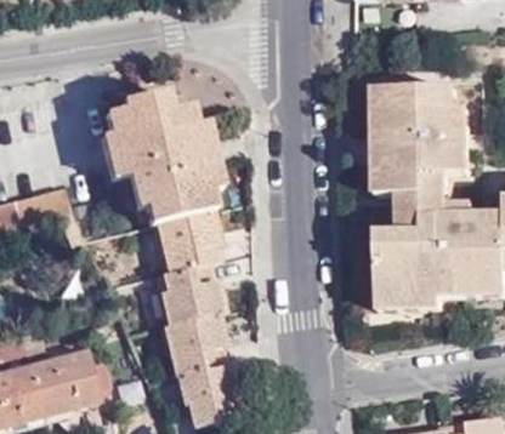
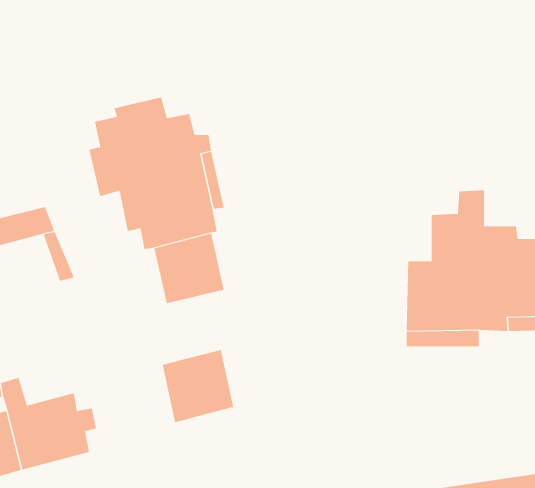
building: [375,86,469,194] -> none
building: [157,262,220,324] -> none
building: [178,362,237,424] -> none

